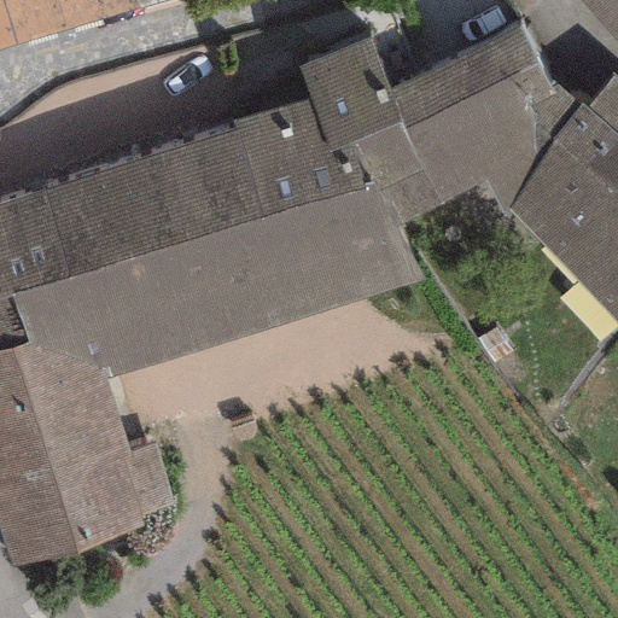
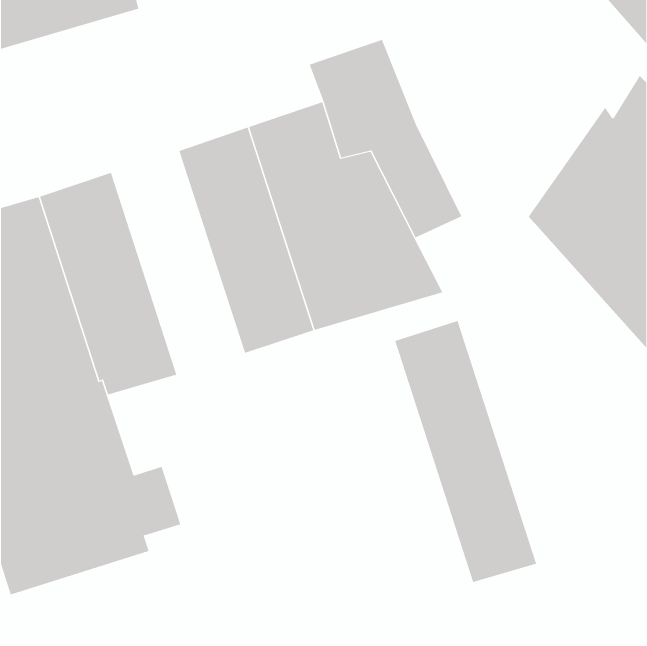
building: [385,18,577,206] -> none
building: [106,144,233,357] -> none
building: none -> [395,320,537,583]

